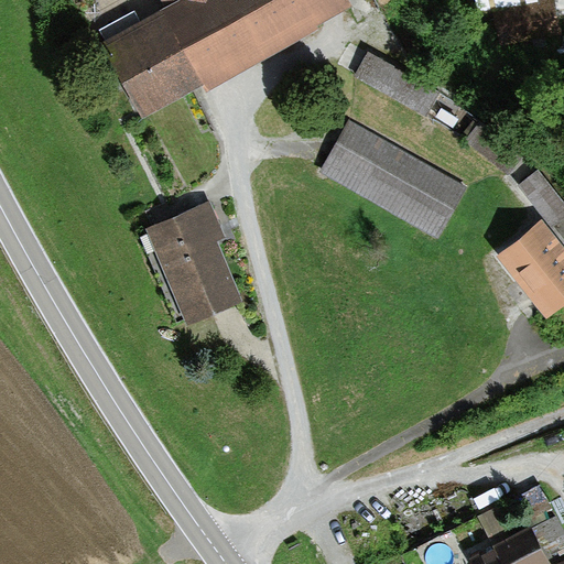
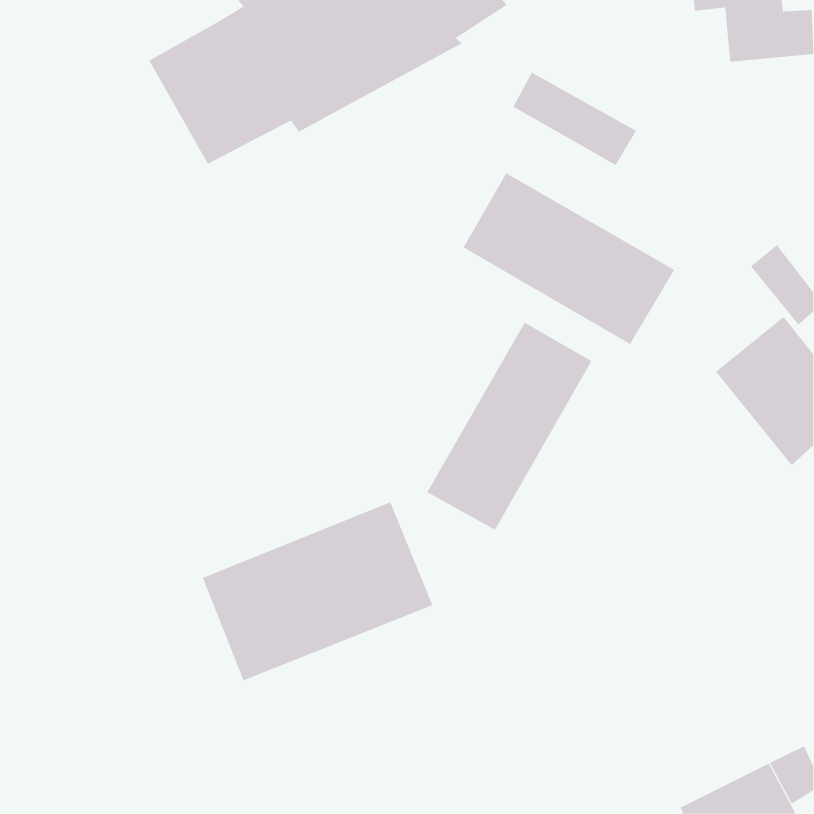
building: [145,200,241,324] -> none
building: none -> [426,322,592,531]
building: none -> [202,502,433,681]

